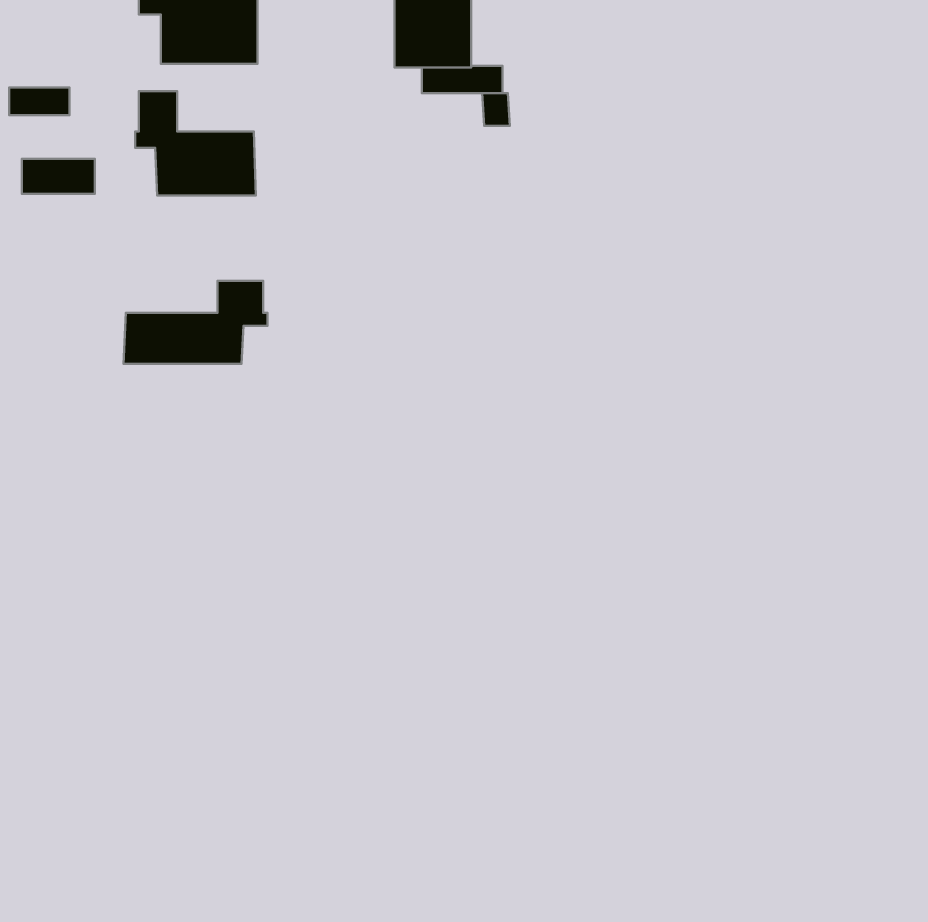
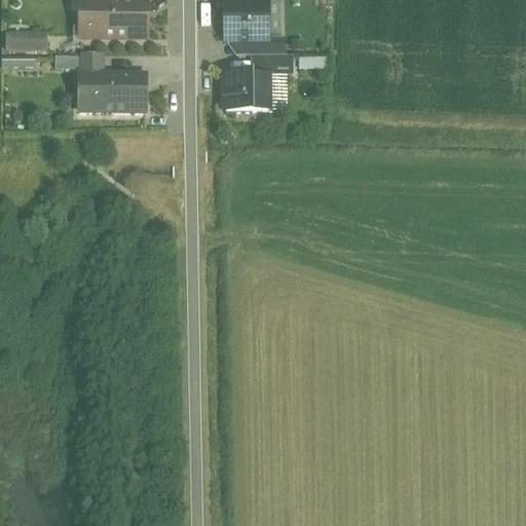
building: none -> [223,69,266,110]
building: [22,159,95,194] -> [9,29,50,48]
building: [124,281,268,364] -> none

